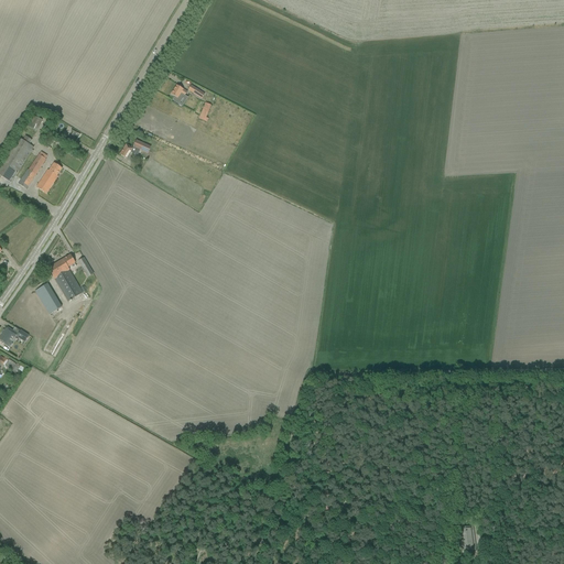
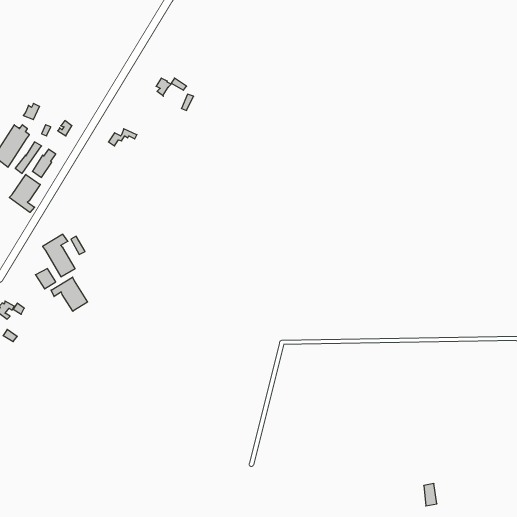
building: none -> [9,174,40,212]
building: none -> [51,277,88,311]

